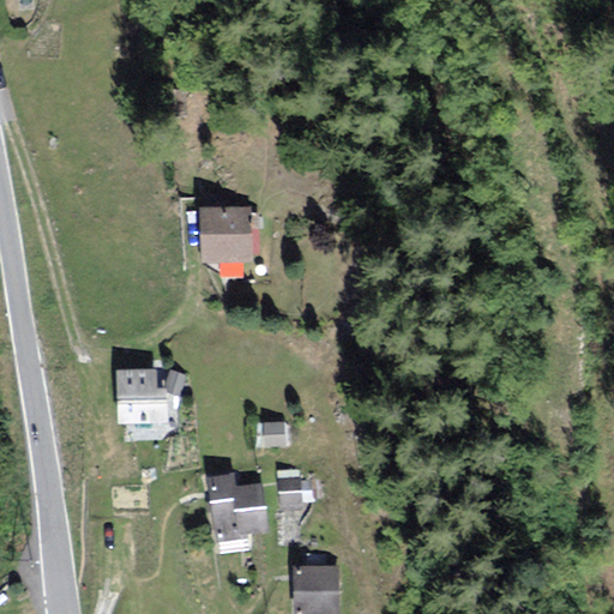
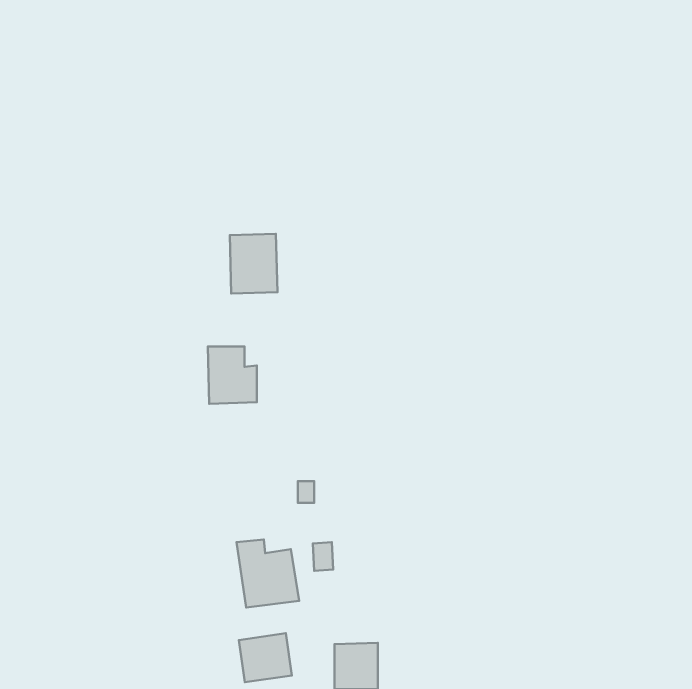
building: [124,371,167,421] -> [208,347,257,404]
building: none -> [239,633,292,682]

